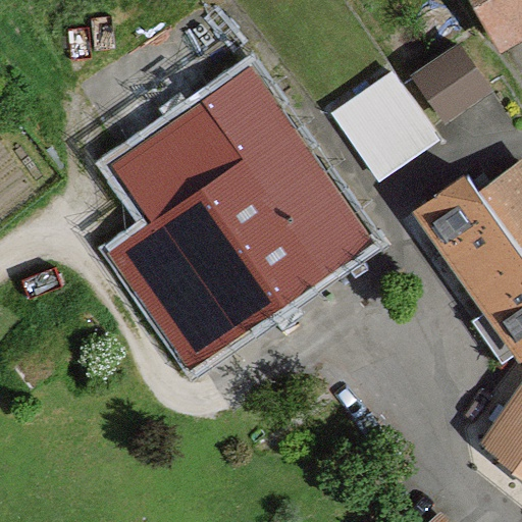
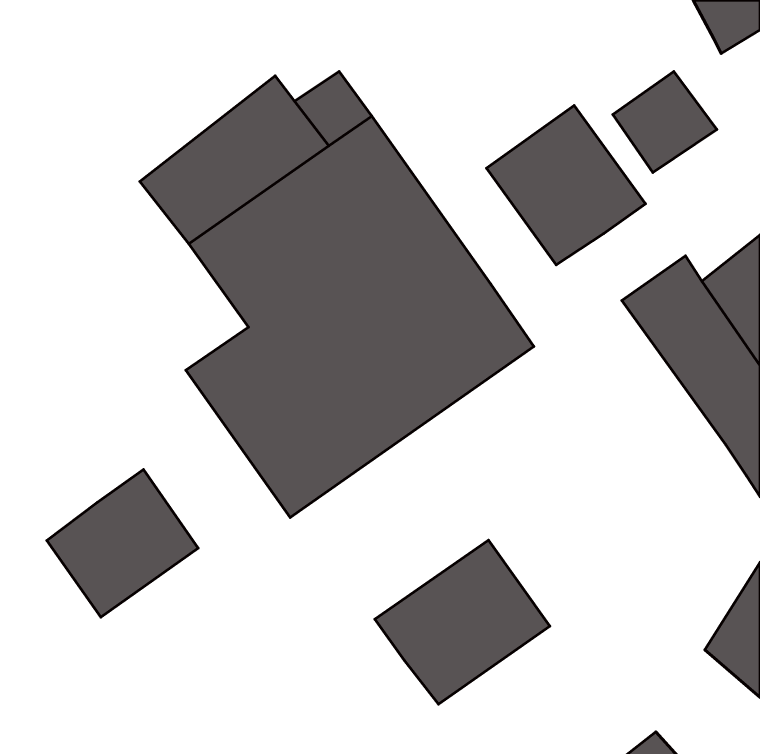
building: none -> [47,470,198,617]
building: none -> [375,540,550,704]

